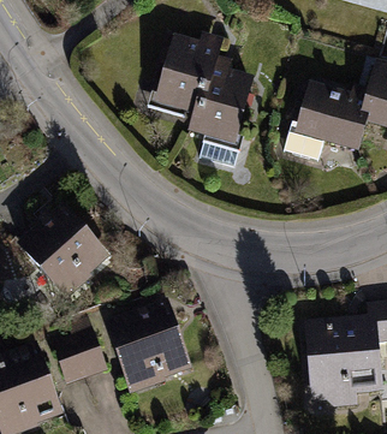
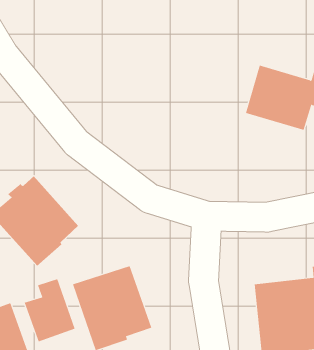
building: [155,32,255,147] -> none

